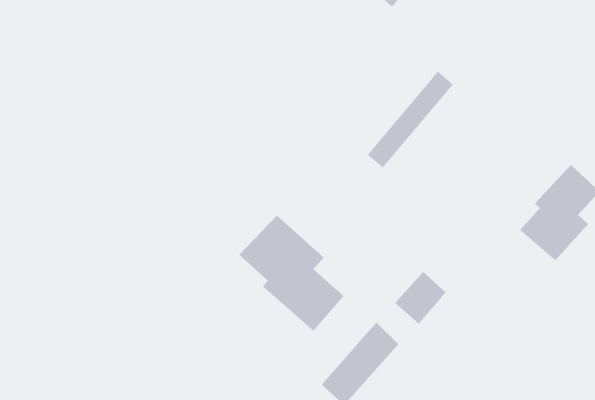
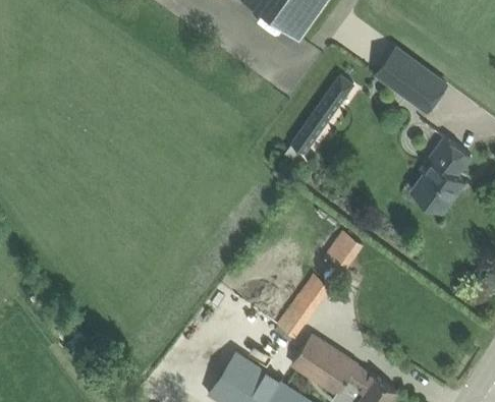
building: none -> [373,45,448,114]
building: [239,215,344,332] -> none

